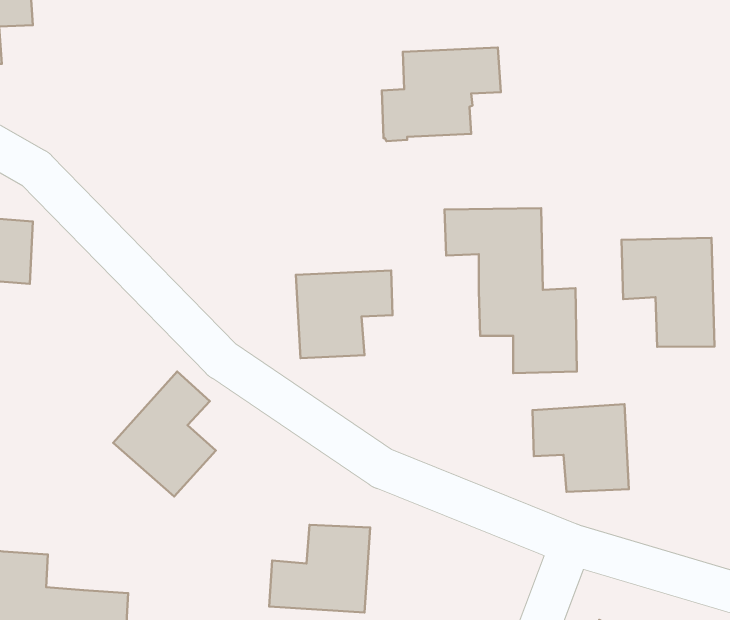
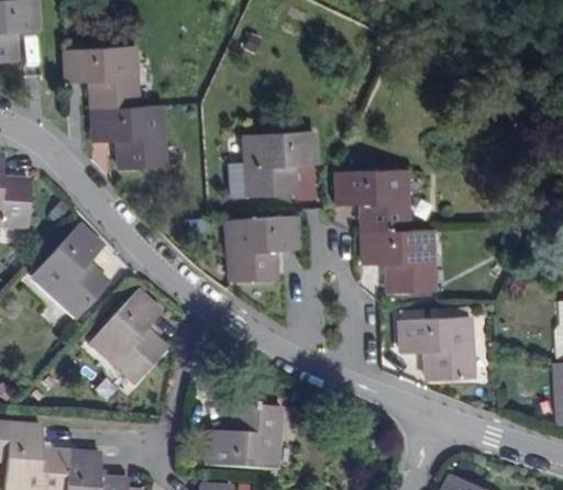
building: none -> [58,49,159,172]
building: [382,48,501,141] -> [223,134,311,203]
building: [622,238,715,347] -> none
building: none -> [34,223,111,318]

